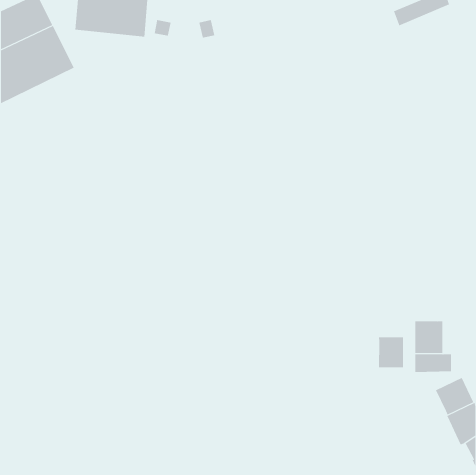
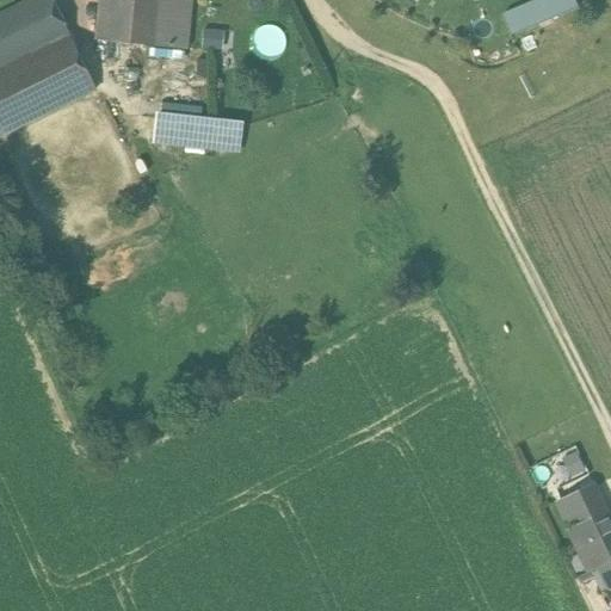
building: none -> [155,116,227,148]
building: [415,320,443,354] -> none
building: [378,336,403,368] -> none

